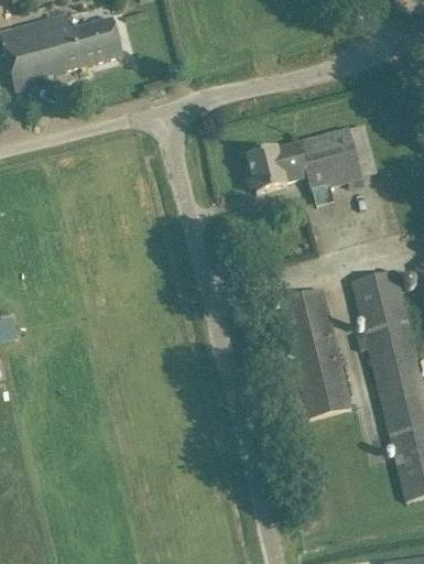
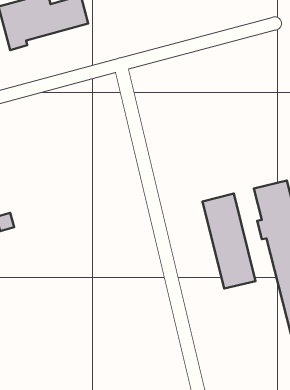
building: [247,126,365,191] -> none

